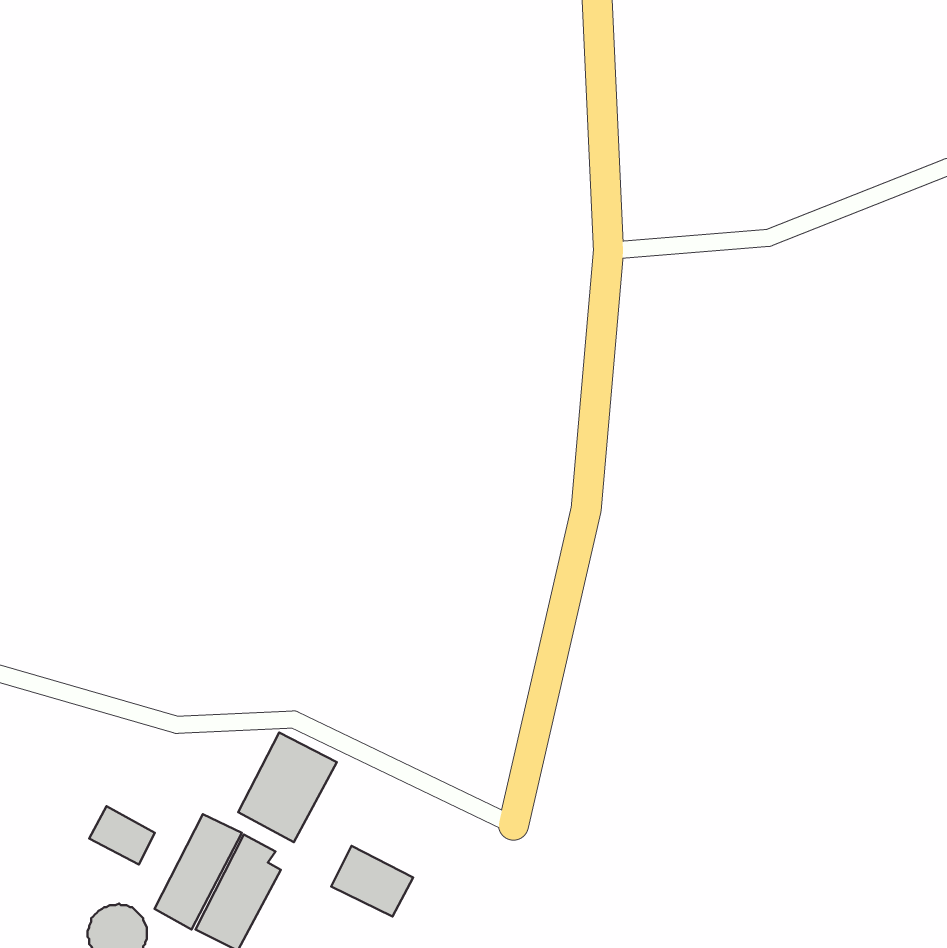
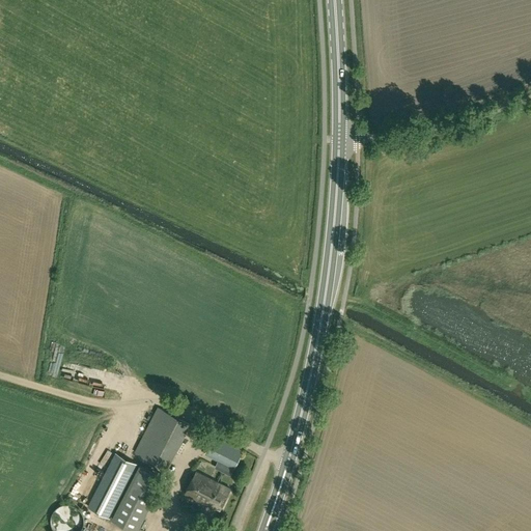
building: none -> [203,438,241,470]
building: [89,806,155,864] -> none

